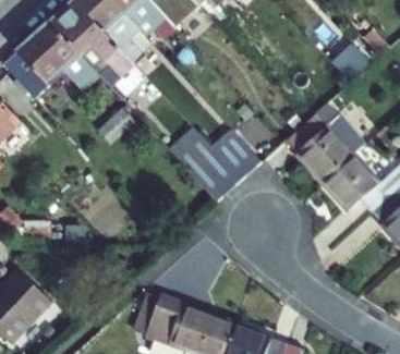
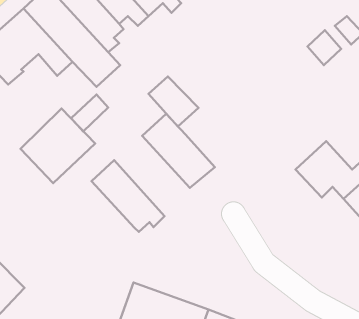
building: [284,102,363,182] -> none
building: none -> [21,109,95,183]
building: [211,130,262,180] -> [148,76,198,126]
building: none -> [92,160,164,232]

